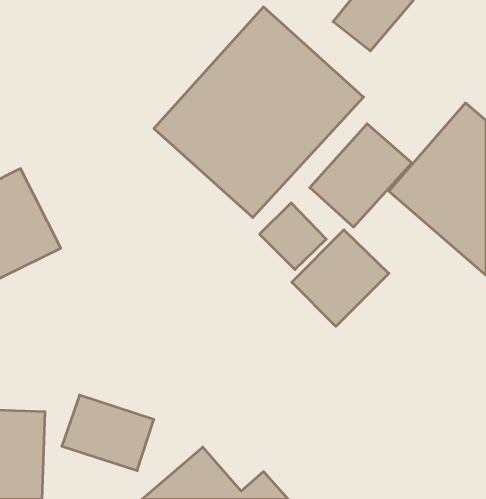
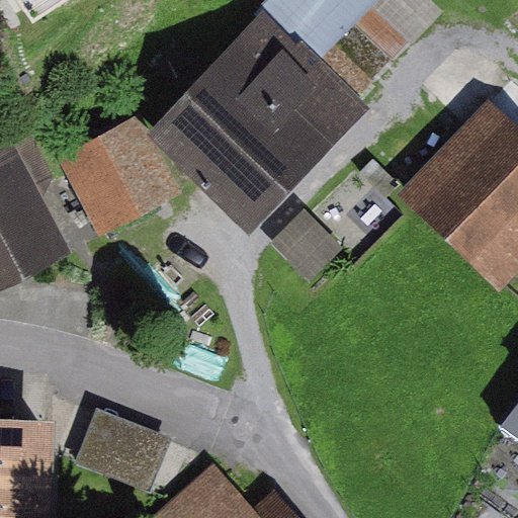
building: none -> [65,124,177,232]
building: [310,124,412,227] -> none
building: [292,230,389,326] -> none

